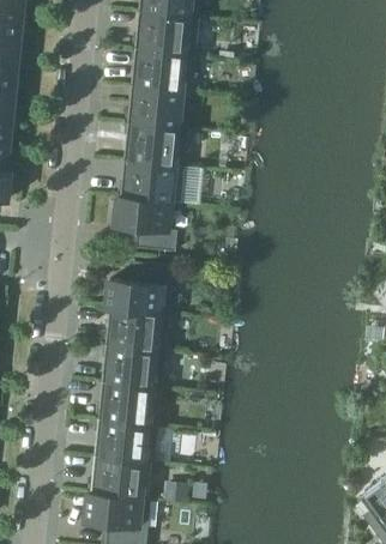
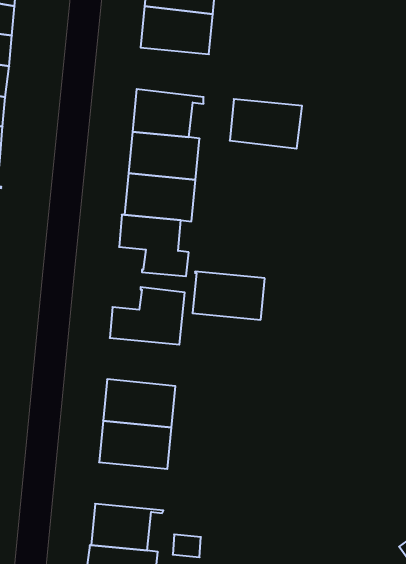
building: [131,48,195,92] -> [230,99,302,149]
building: [104,308,169,351] -> [192,272,265,320]
building: [94,419,158,463] -> none

